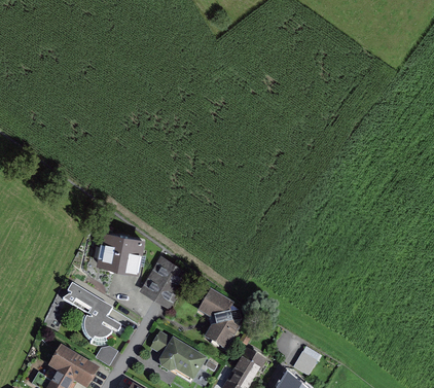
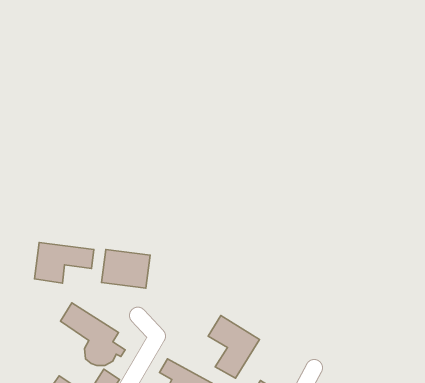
building: none -> [35,242,94,283]
building: [141,258,182,303] -> none

